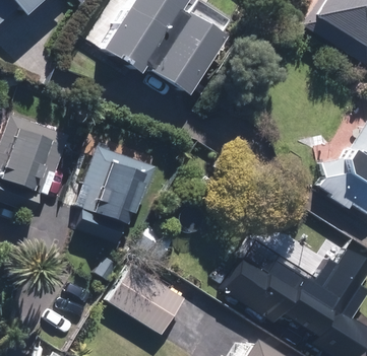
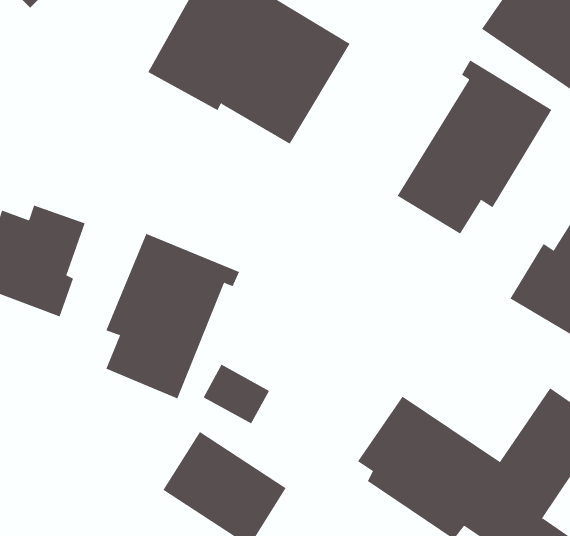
building: none -> [397,60,552,234]

